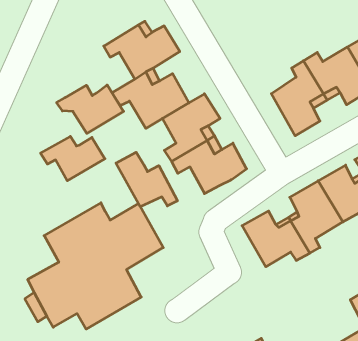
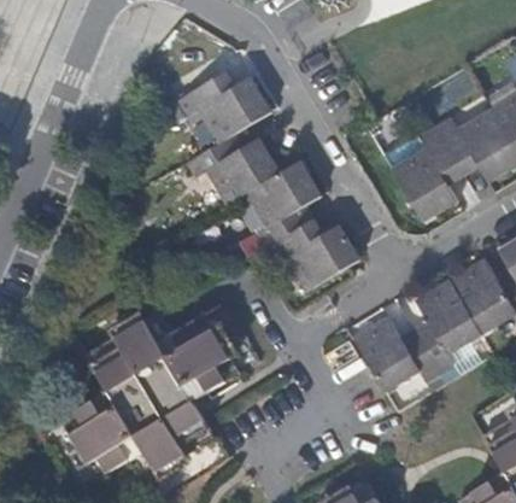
building: [57,85,124,133] -> none
building: [41,136,105,181] -> none
building: [116,152,177,207] -> none

